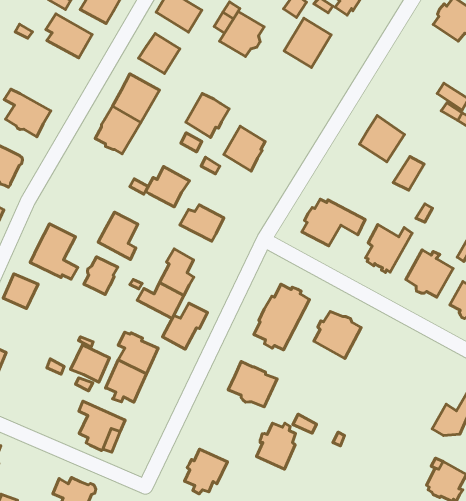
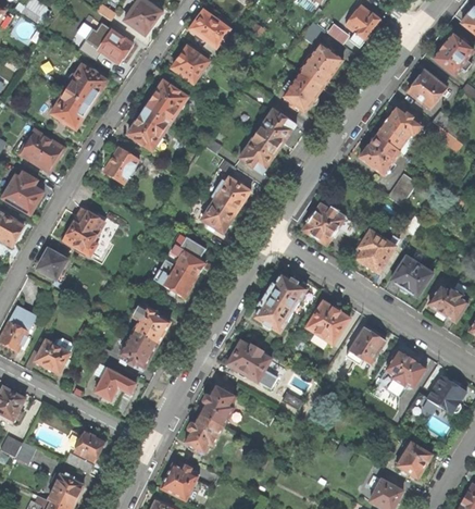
building: [219,11,264,57] -> [283,71,323,111]
building: none -> [408,70,445,108]
building: none -> [65,64,108,107]
building: none -> [377,107,425,152]
building: [186,94,229,138] -> [257,109,296,148]
building: [146,167,189,207] -> [212,176,251,212]
building: [98,212,138,259] -> [103,146,139,188]
building: [84,257,118,294] -> none
building: [162,303,207,349] -> none
building: none -> [346,327,385,363]
building: [71,345,109,382] -> [35,339,70,373]
building: none -> [377,350,426,395]
building: [256,423,296,469] -> [199,385,235,426]

